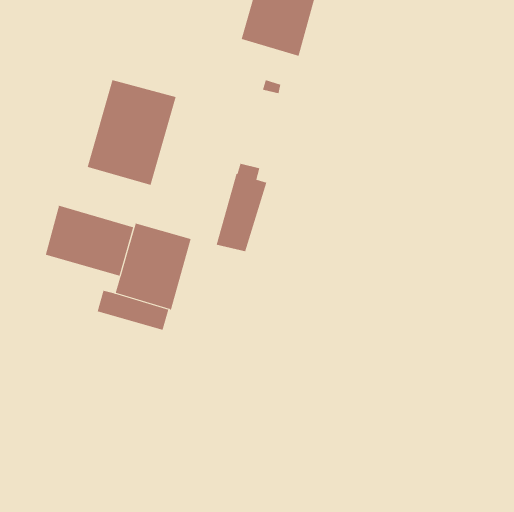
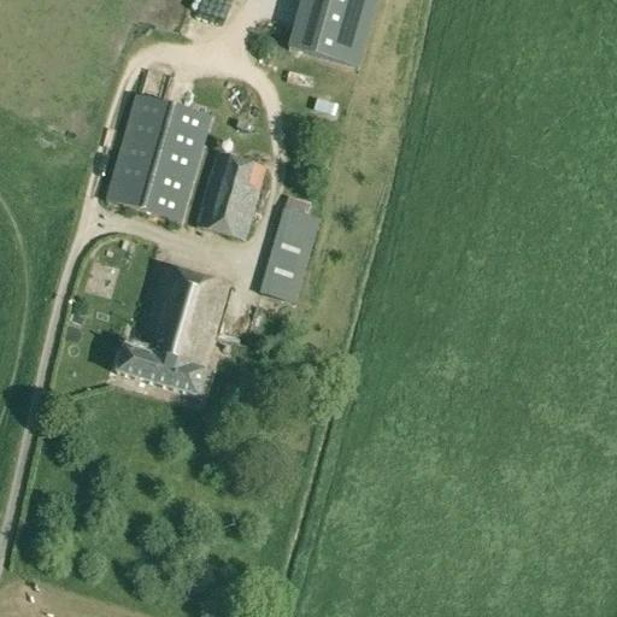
building: none -> [196,152,266,240]
building: [45,205,134,276] -> none

